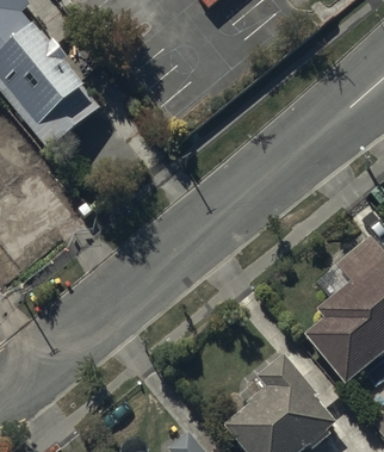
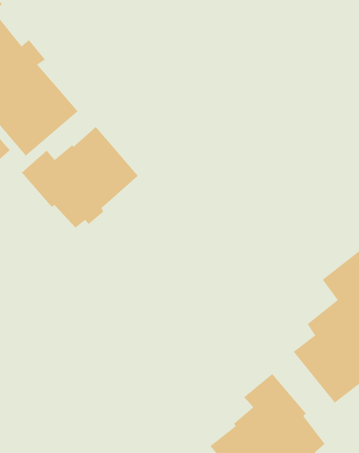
building: none -> [21,126,139,229]

